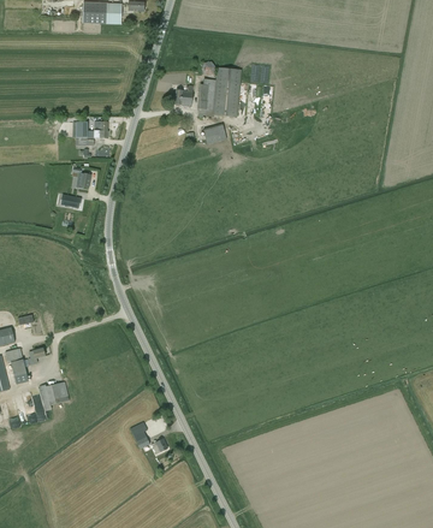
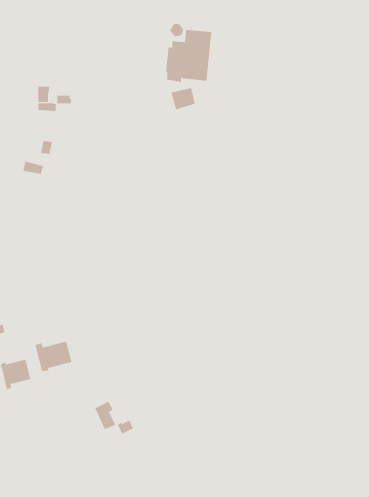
building: none -> [35,341,72,372]

